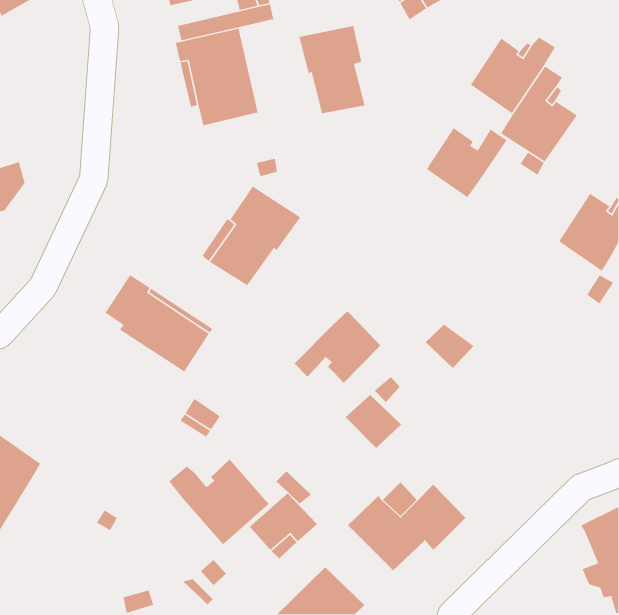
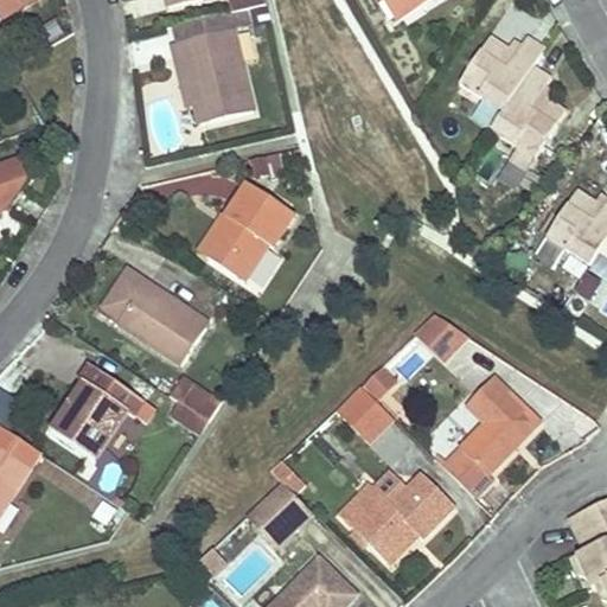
building: [298,25,365,114] -> none
building: [426,127,508,198] -> none
building: [294,311,381,383] -> none
building: none -> [49,363,142,461]
building: none -> [441,376,543,498]
building: [168,459,269,545] -> none

